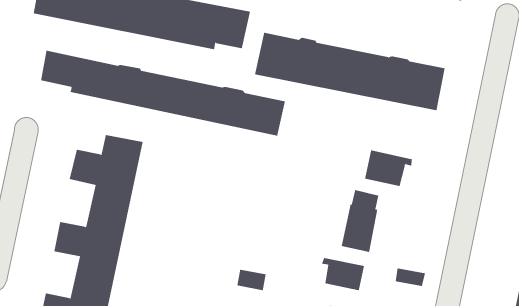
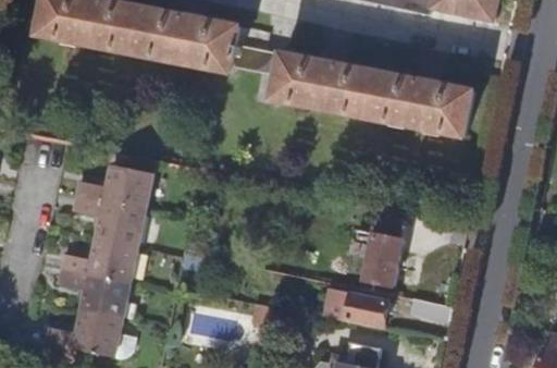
building: [41,50,285,136] -> none
building: [365,149,412,187] -> none

